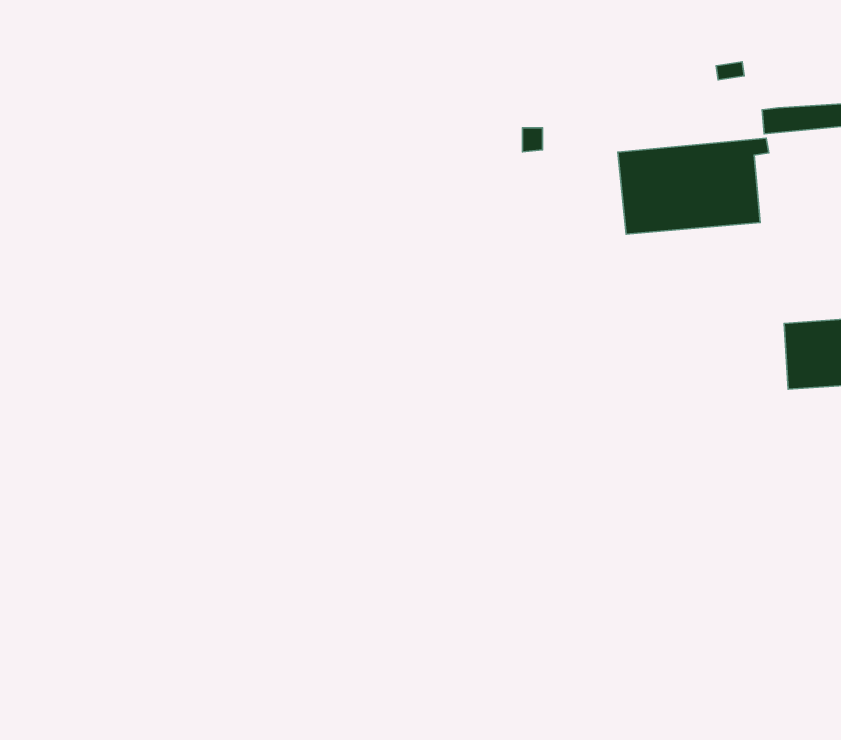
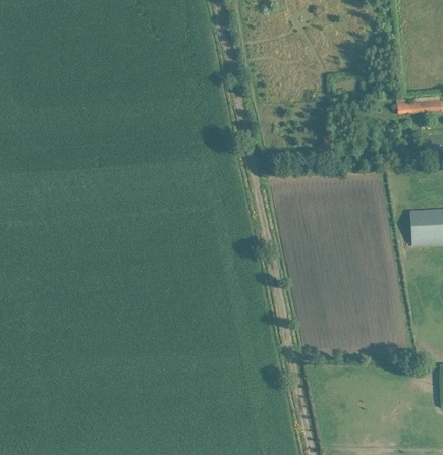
building: [618,138,769,234] -> none

